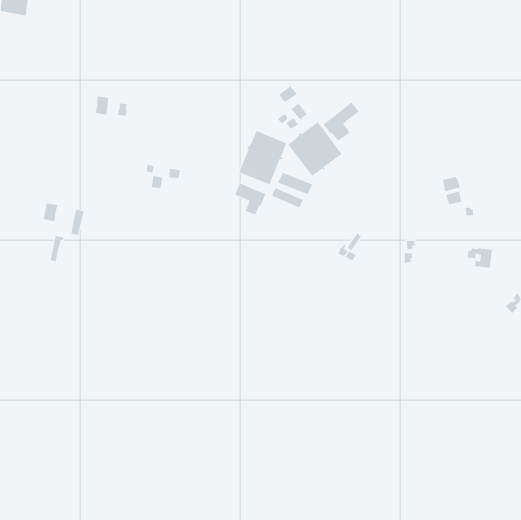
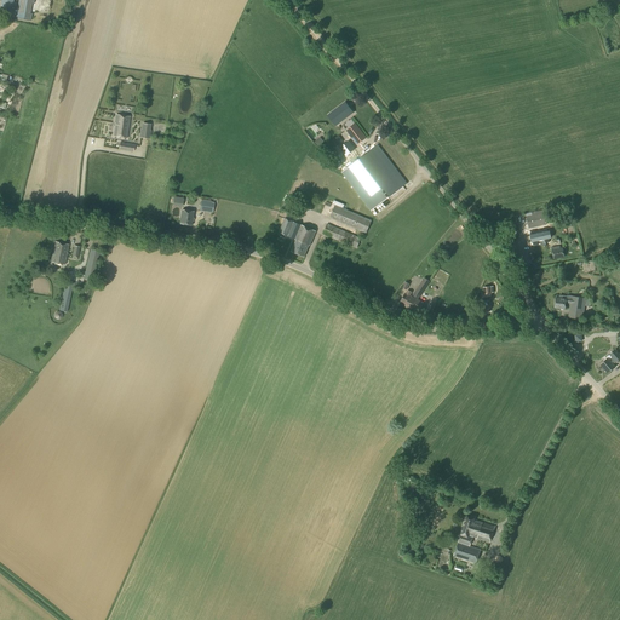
building: [323,101,359,141] -> none
building: [239,130,287,185] -> none
building: none -> [453,515,494,562]

